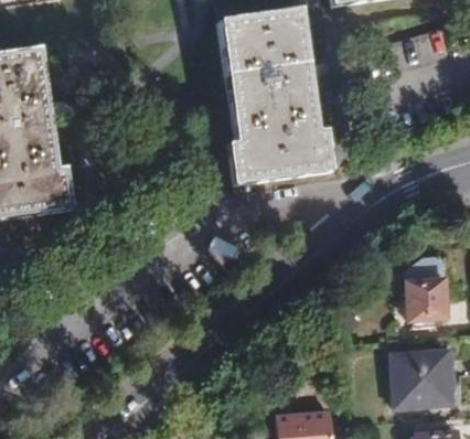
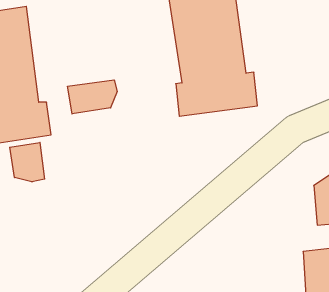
building: none -> [68,80,117,114]
building: none -> [10,142,45,182]

